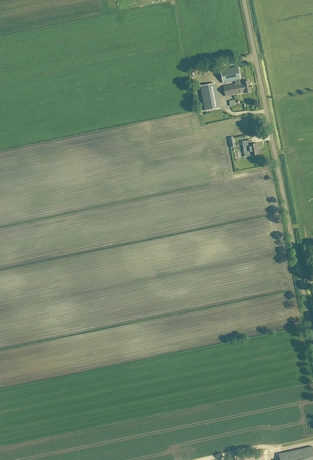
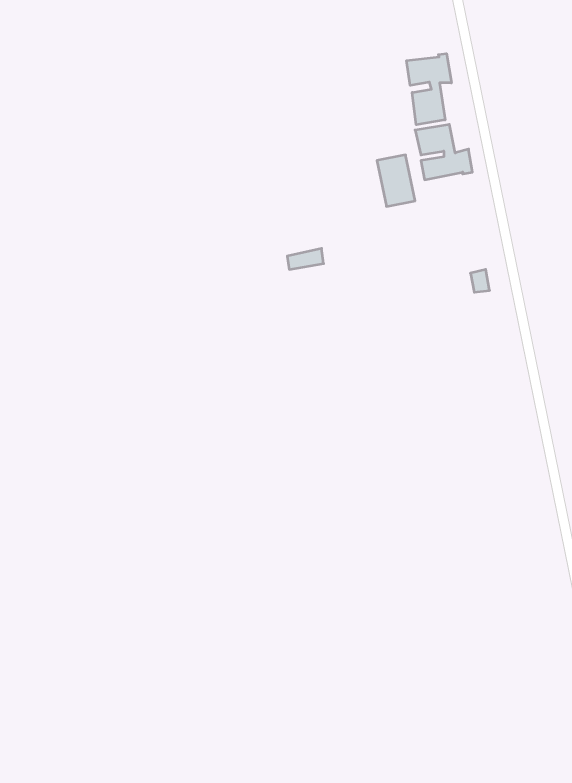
building: none -> [407,54,451,125]

